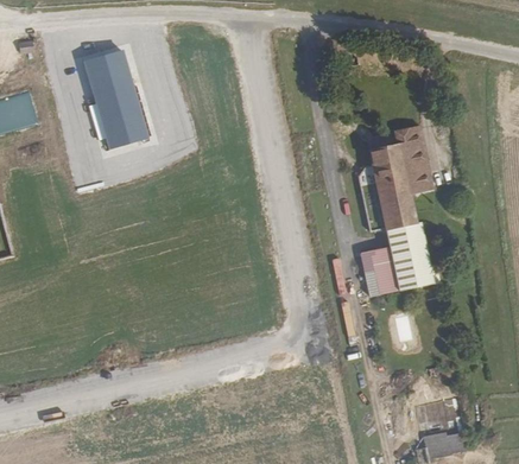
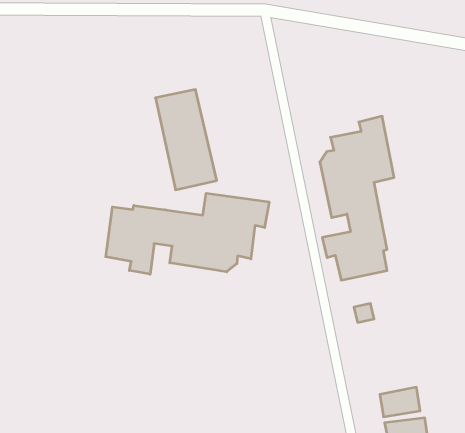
building: [86,50,147,151] -> [155,90,217,190]
building: none -> [106,193,269,274]

